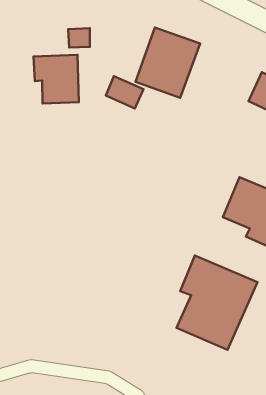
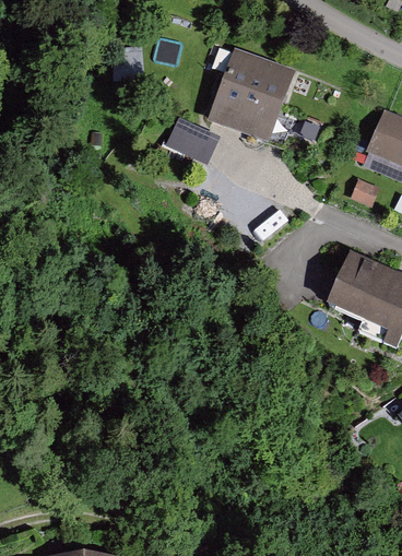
building: [33,55,79,103] -> none
building: [177,255,257,350] -> none

